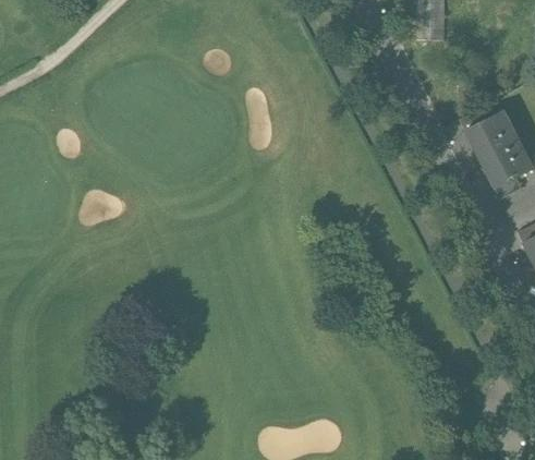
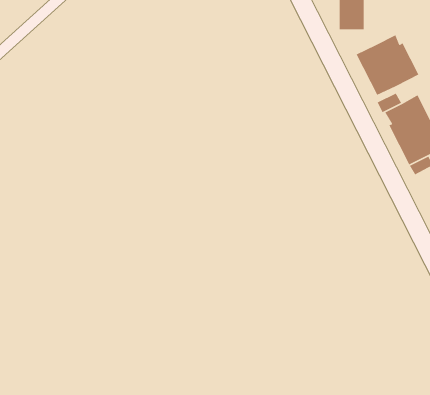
building: none -> [356,34,419,96]

